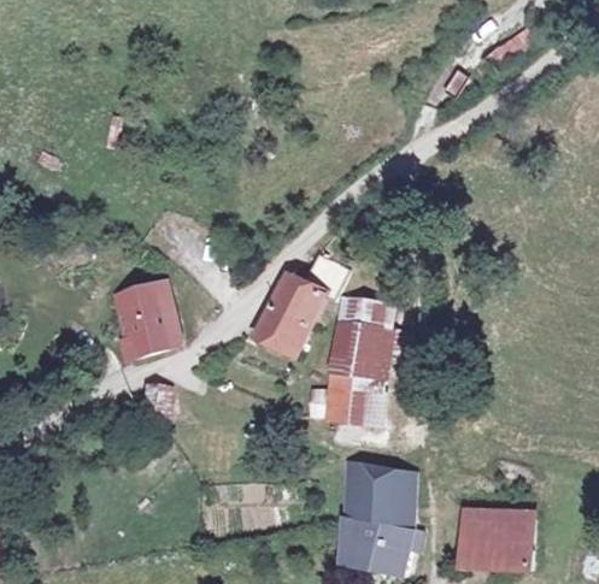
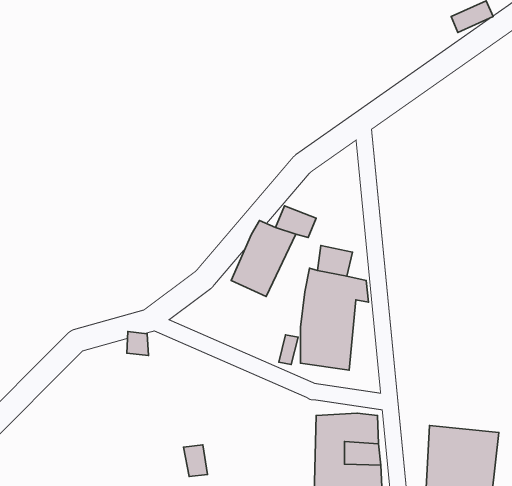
building: [117,285,186,362] -> none

